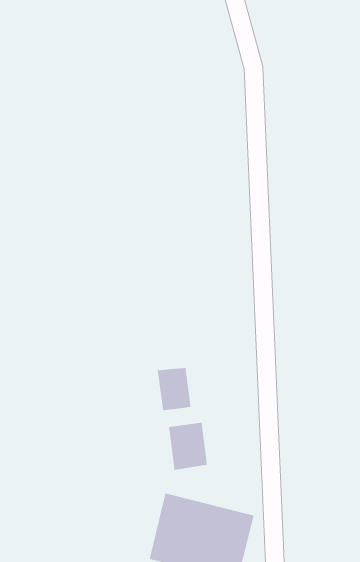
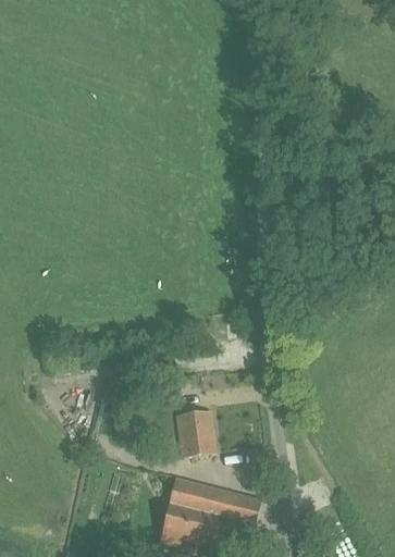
building: [157,367,192,411] -> none

